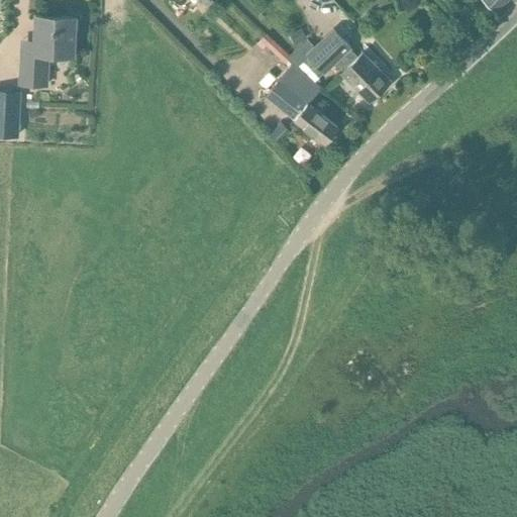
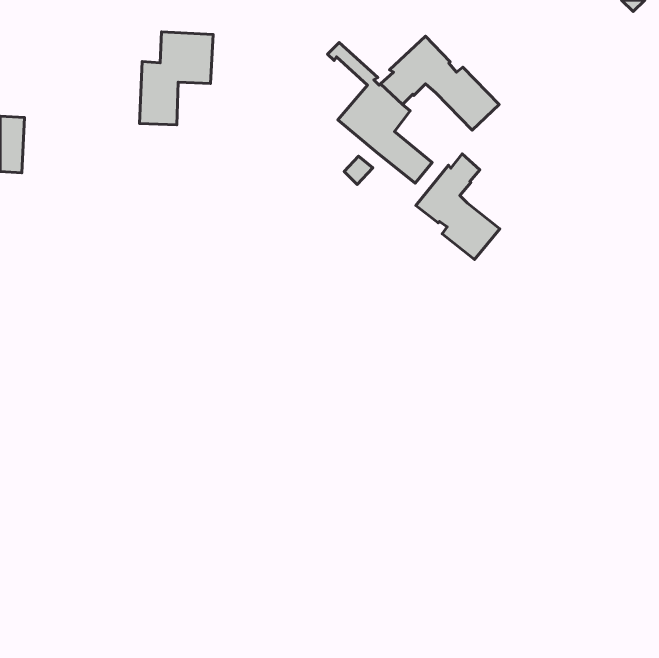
building: [18,16,76,89] -> [140,32,213,125]
building: none -> [416,154,500,259]

